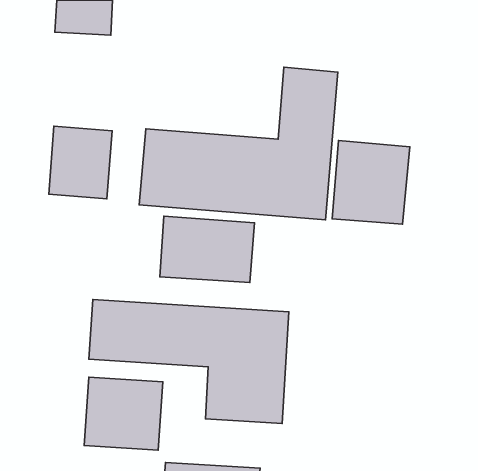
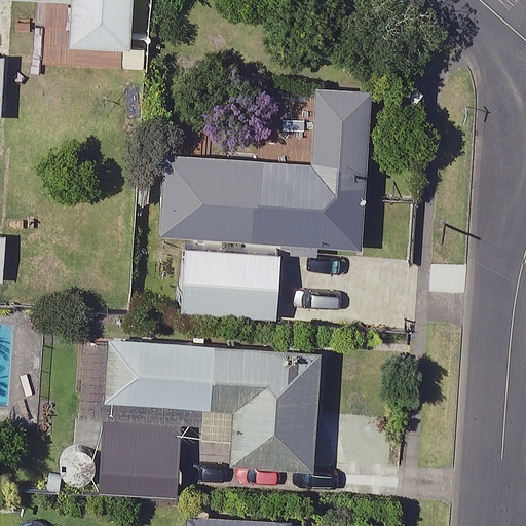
building: [49,126,112,199] -> none
building: [332,141,410,224] -> none

